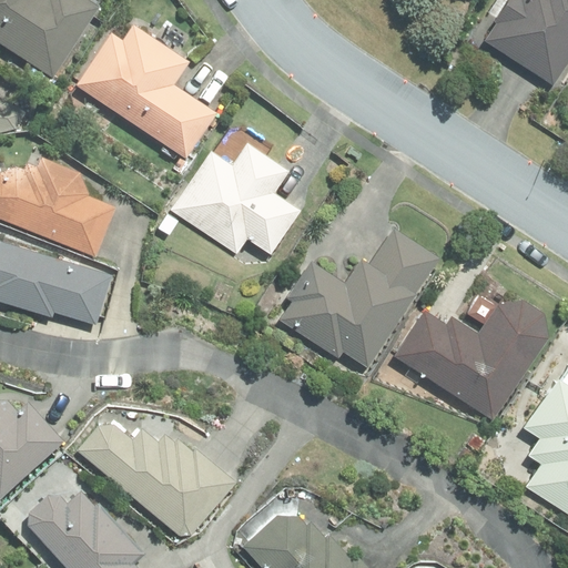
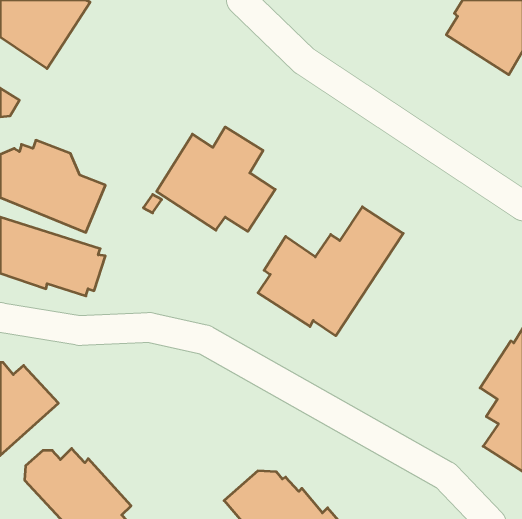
building: [77,24,216,160] -> none
building: [394,296,550,423] -> none
building: [77,423,235,536] -> none

